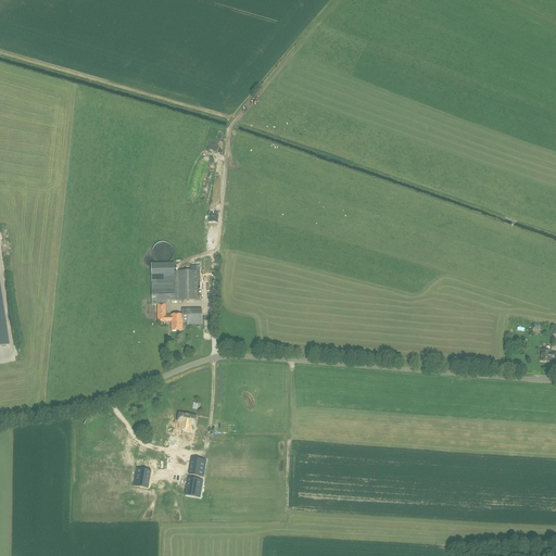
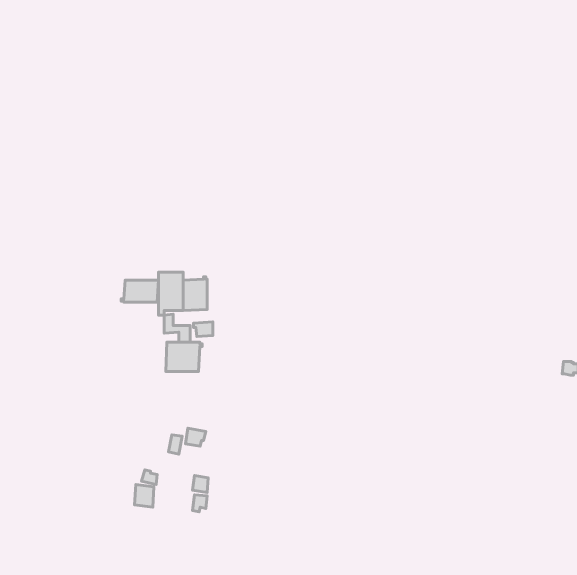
building: none -> [121,280,158,302]
building: none -> [166,342,202,372]

